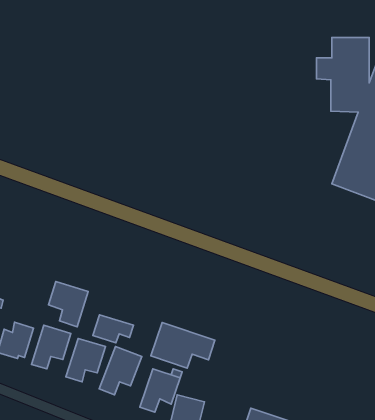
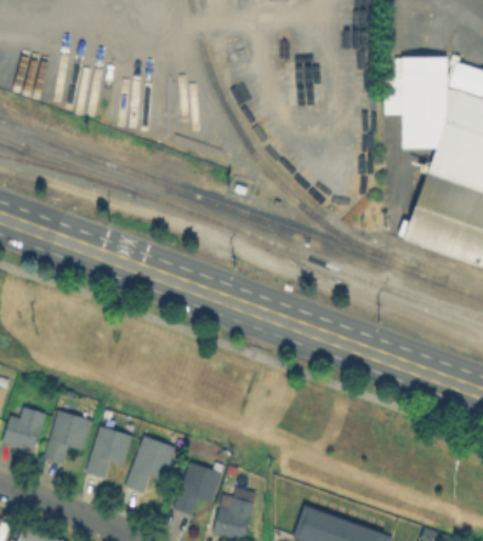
building: [48,281,88,327] -> none
building: [93,315,134,343] -> none
building: [151,322,215,368] -> none

